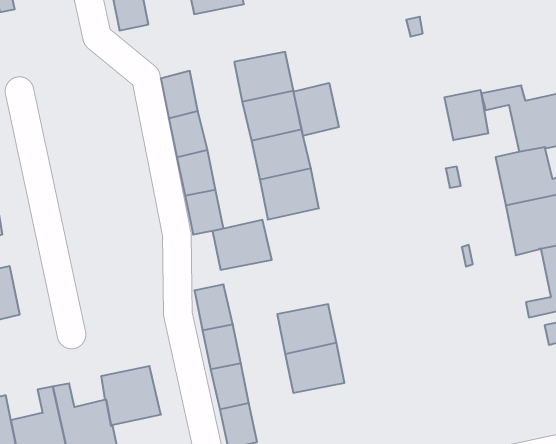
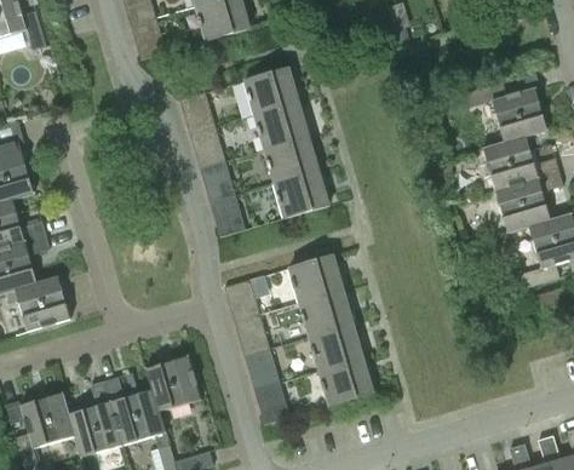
building: [294,83,339,136] -> none
building: [444,90,488,140] -> none
building: [213,220,272,270] -> [289,254,344,302]
building: none -> [318,359,373,406]

